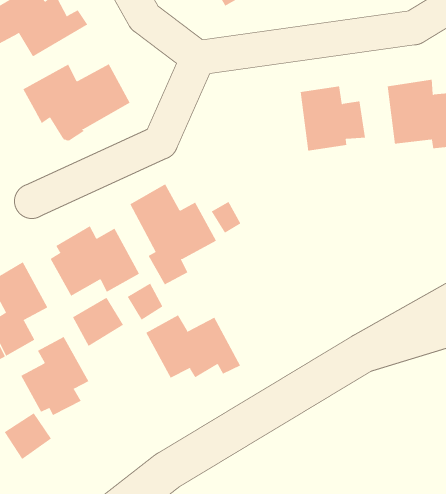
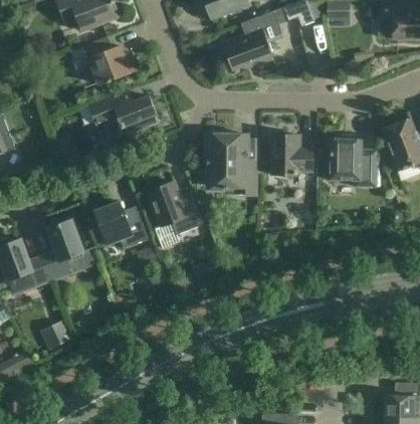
building: none -> [207,134,255,195]
building: [72,297,124,347] -> none
building: [146,314,241,379] -> none
building: [20,336,89,416] -> none

